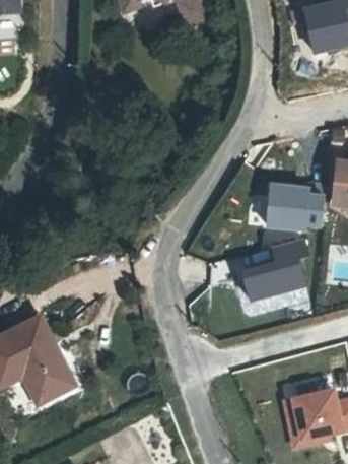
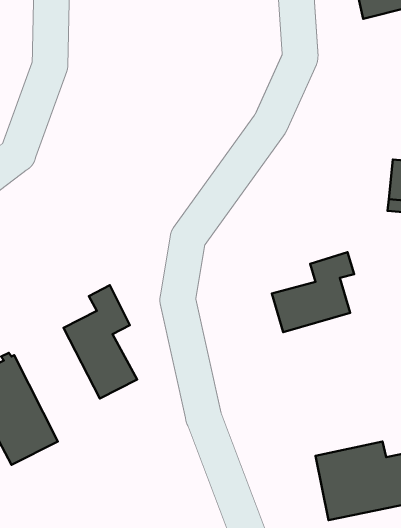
building: [266,186,326,227] -> none
building: none -> [63,285,137,398]

